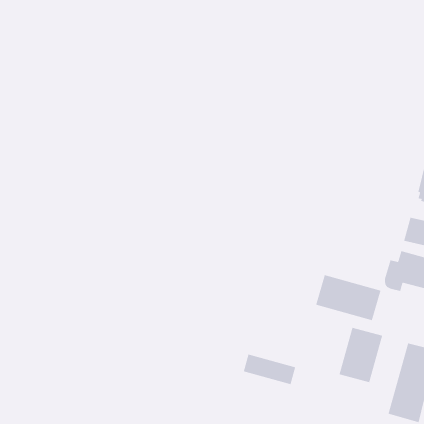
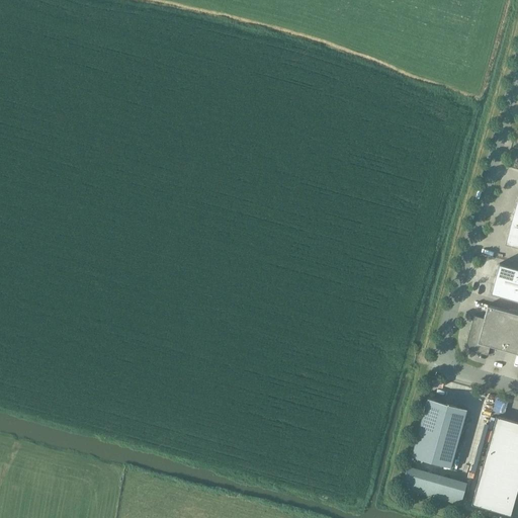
building: [315,274,382,321] -> none
building: [243,354,296,385] -> [404,466,468,505]

